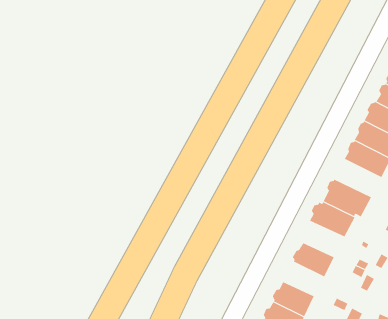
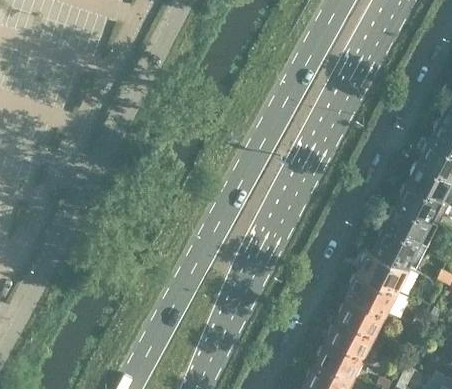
building: none -> [385,208,438,250]
building: none -> [348,276,397,316]
building: none -> [329,321,375,359]

